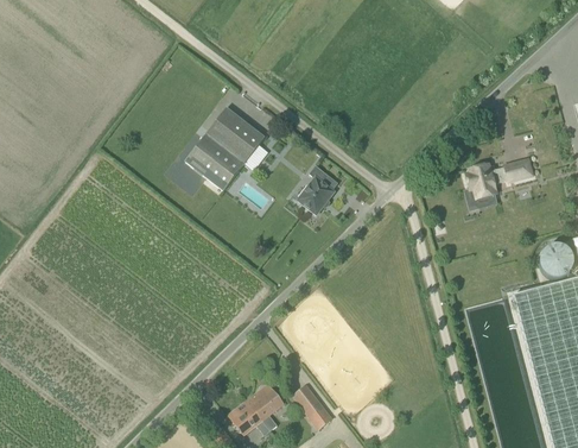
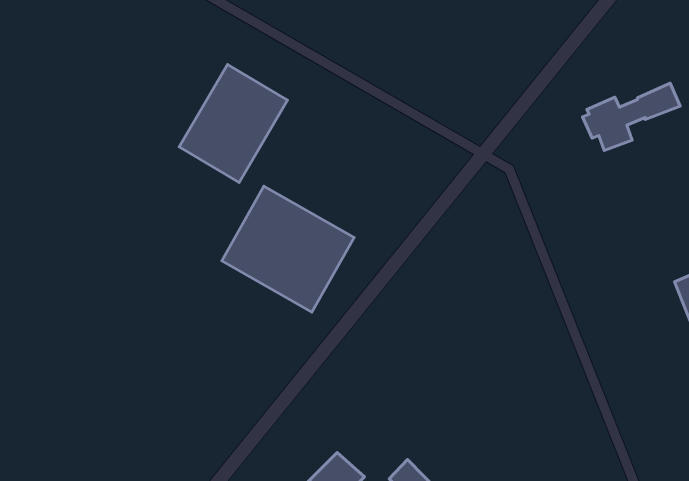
building: [297,165,334,214] -> none
building: none -> [222,186,354,312]

